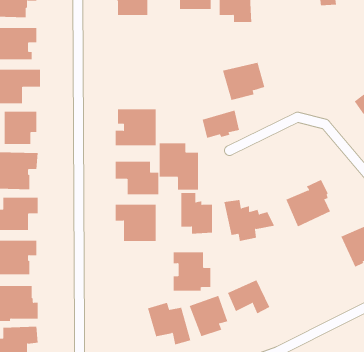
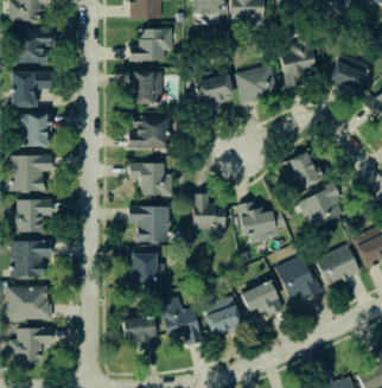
building: none -> [128,28,172,62]
building: none -> [281,37,316,87]
building: none -> [329,53,370,97]
building: none -> [132,71,161,106]
building: [202,110,240,139] -> [193,75,231,103]
building: [159,143,199,191] -> none
building: none -> [287,153,324,190]
building: none -> [316,244,361,284]
building: [173,252,211,291] -> [127,248,165,287]
building: none -> [275,255,323,299]
building: none -> [121,317,154,345]

